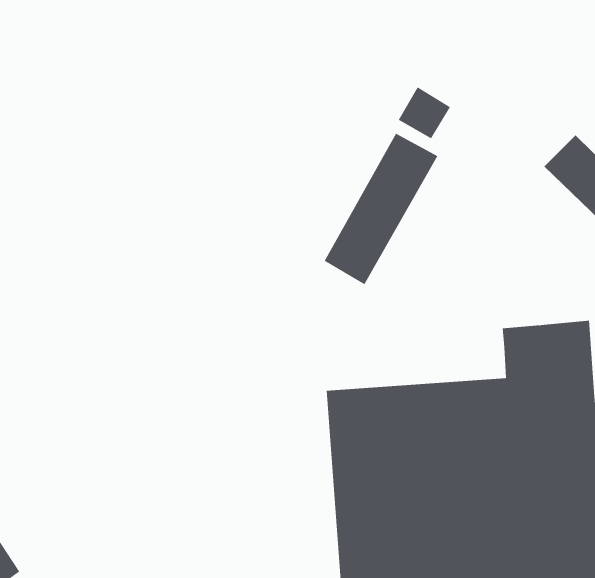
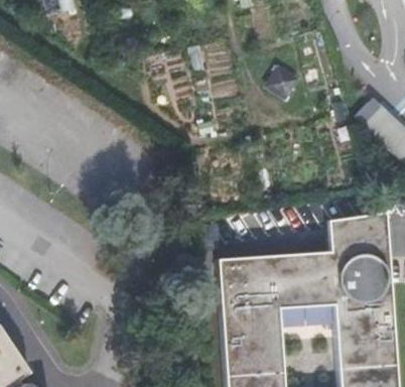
building: [324,133,438,285] -> none

